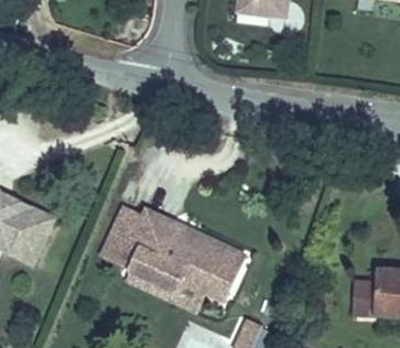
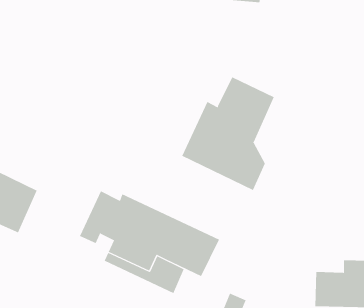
building: none -> [181,77,274,191]

